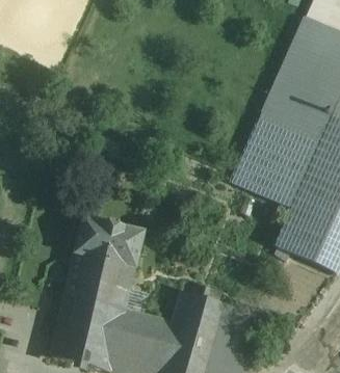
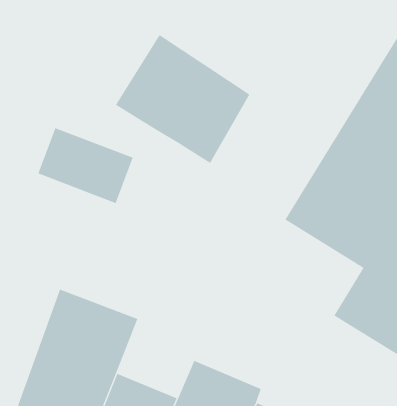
building: none -> [115,34,250,164]
building: [74,217,142,267] -> [37,127,133,204]

